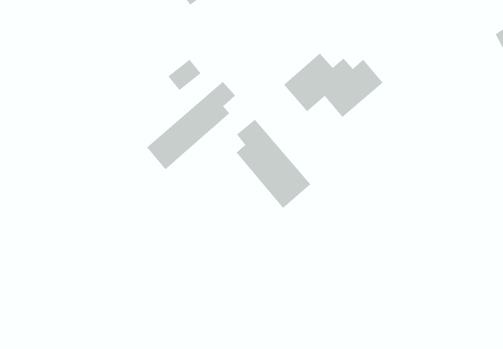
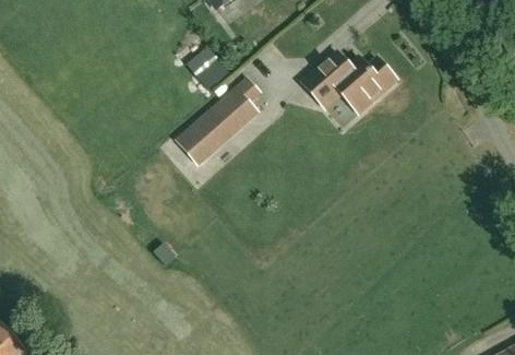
building: [236,119,311,209] -> none

